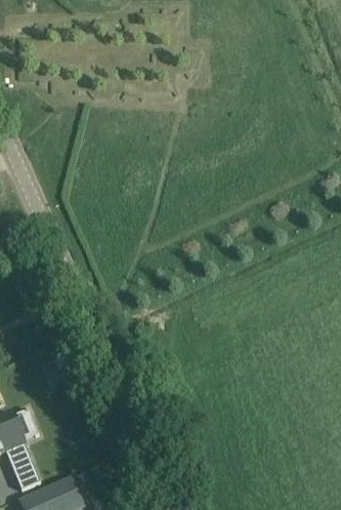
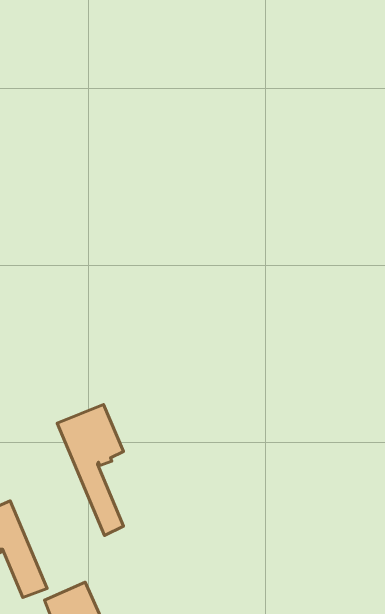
building: none -> [57,404,124,536]

